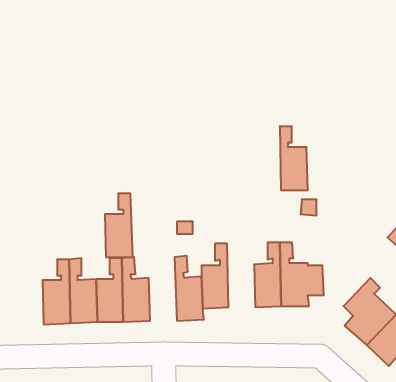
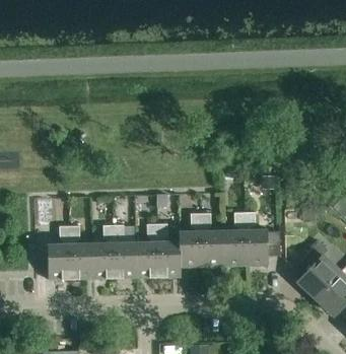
building: [280,126,308,190] -> [201,213,224,266]
building: [105,193,133,257] -> [136,224,159,277]

